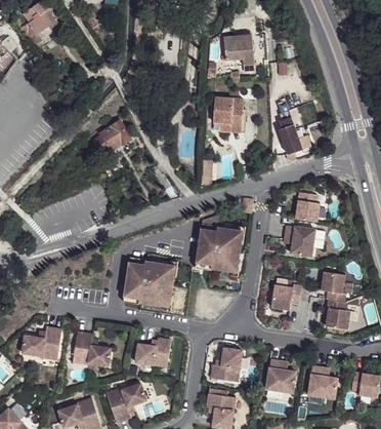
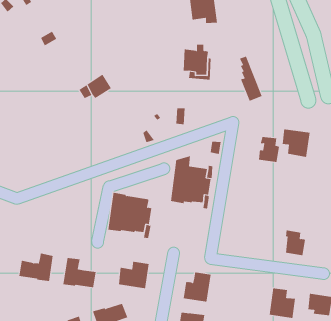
building: [284,226,316,259] -> [282,129,310,157]
building: [322,272,346,303] -> none
building: [272,285,302,310] -> none
building: [266,360,298,395] -> none

